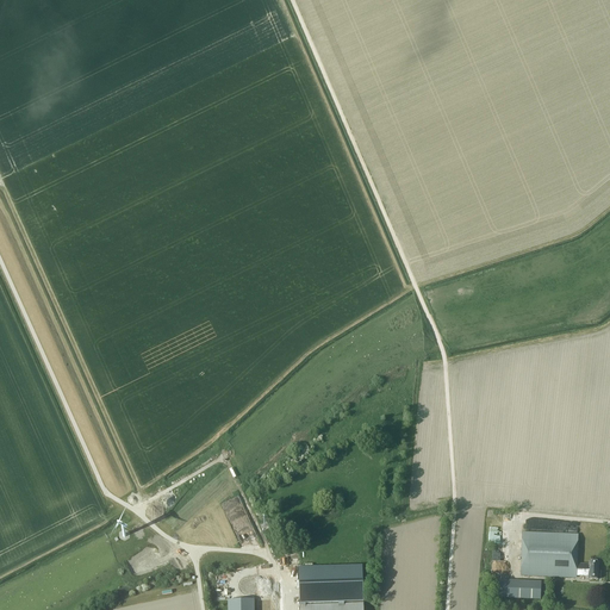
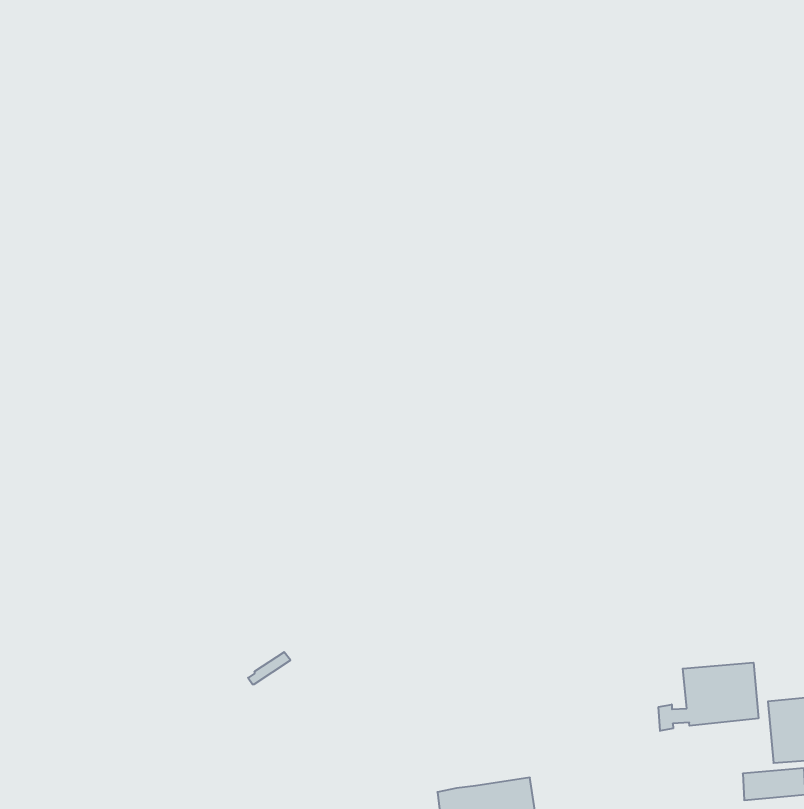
building: none -> [659,663,758,731]

